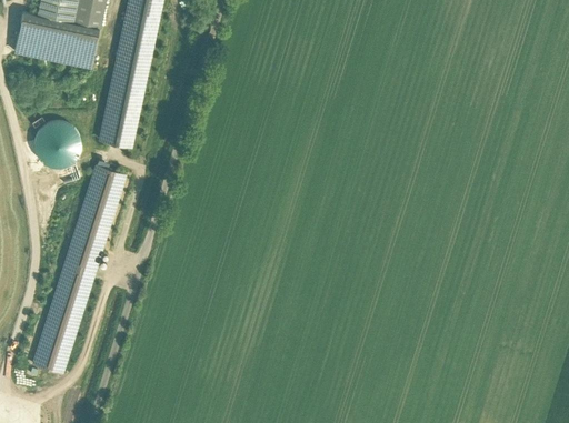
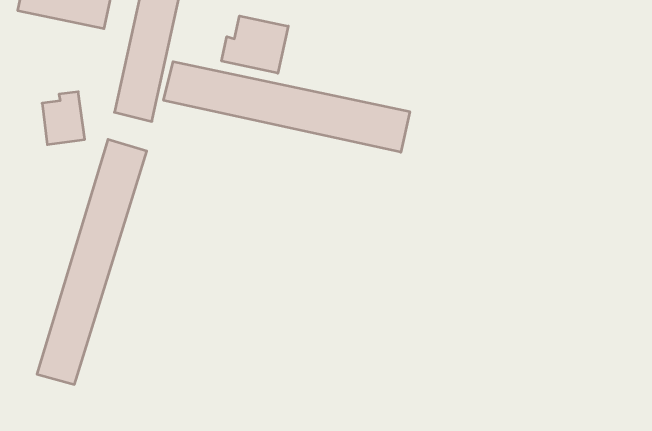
building: none -> [222,16,288,73]
building: none -> [164,62,410,152]

